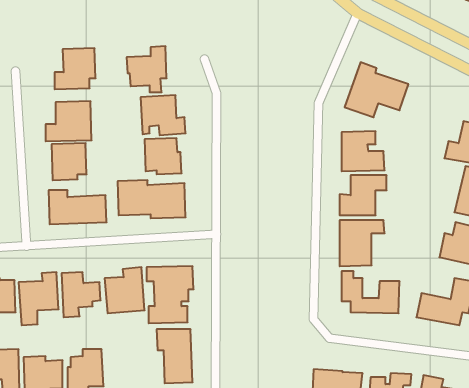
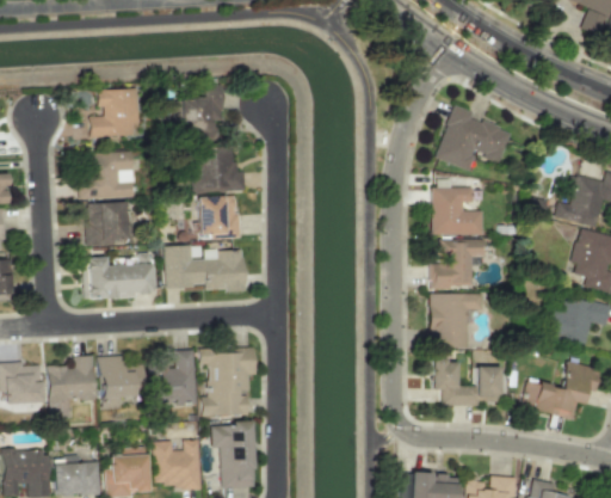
building: none -> [155,439,202,488]

